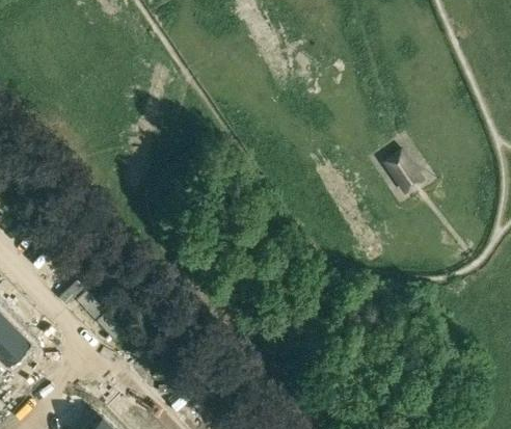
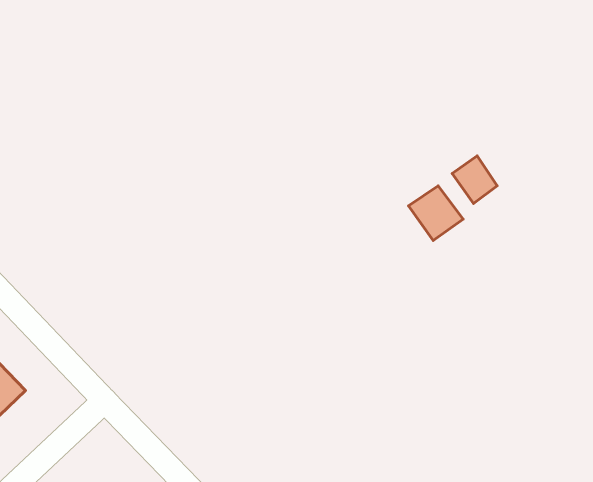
building: none -> [408,186,463,241]

